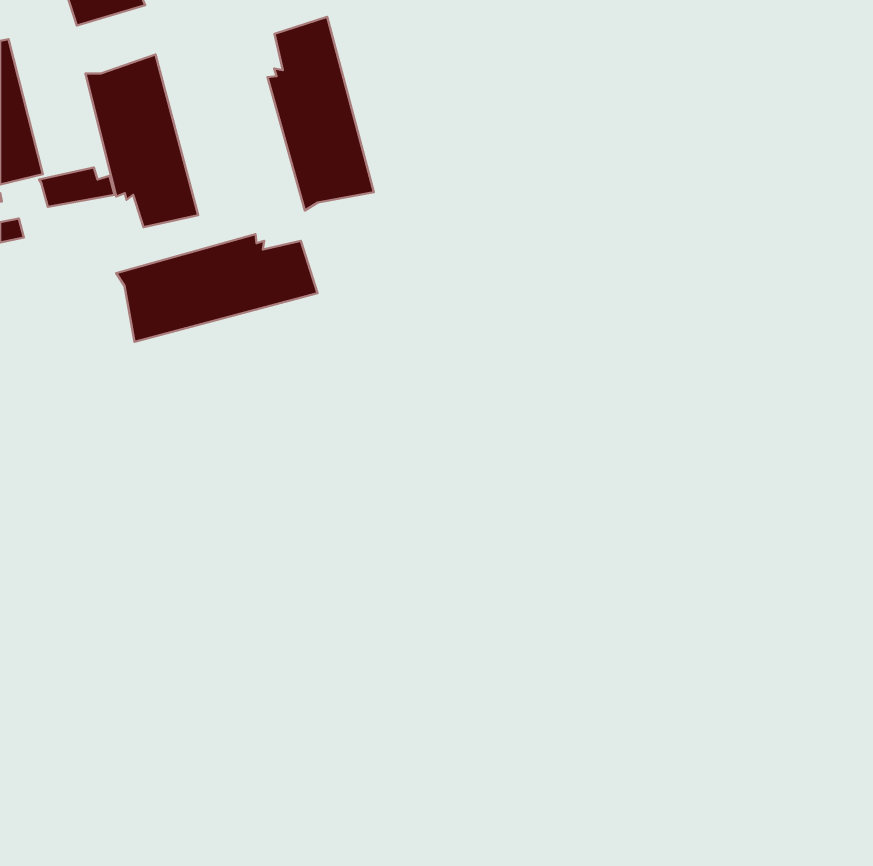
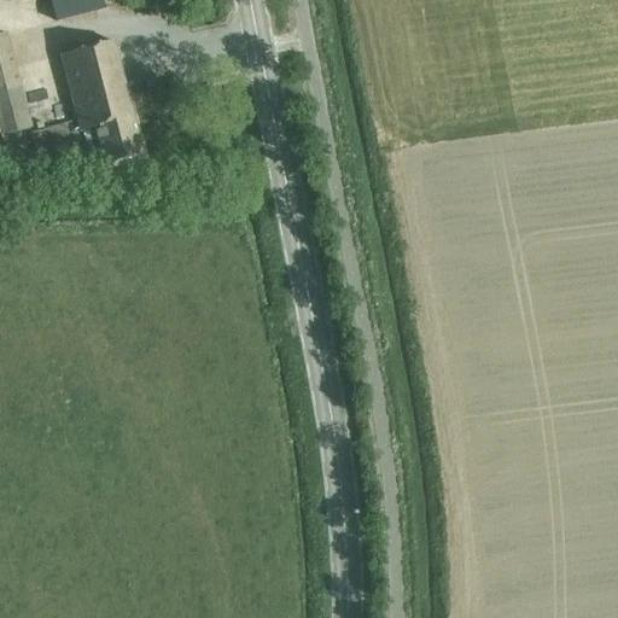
building: [267,17,374,210] -> none
building: [116,234,318,342] -> none

